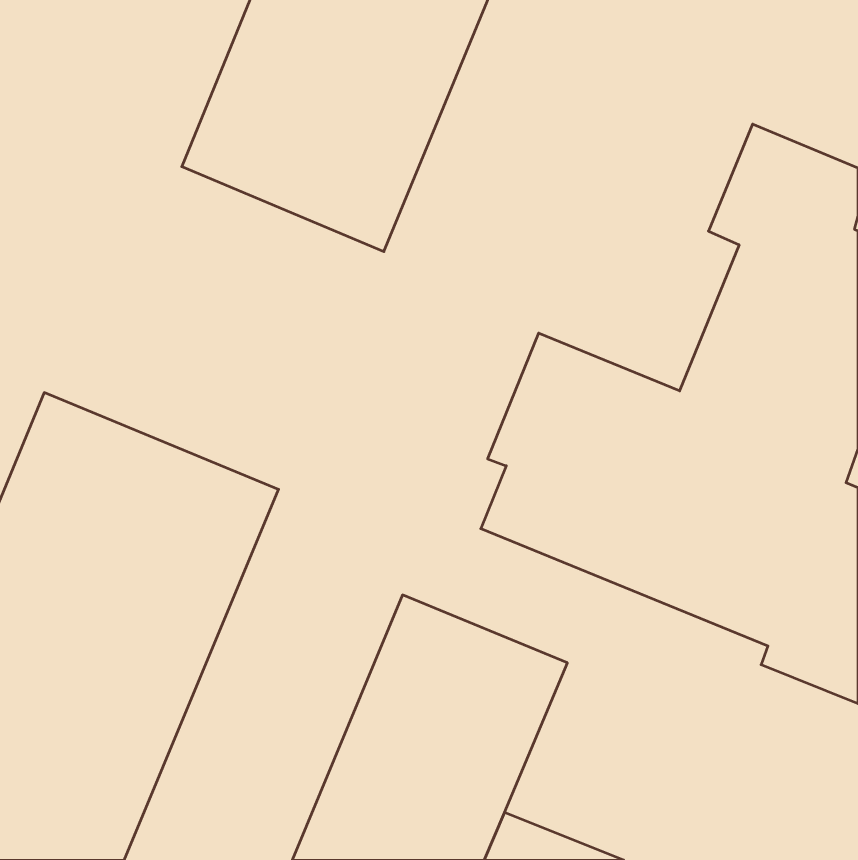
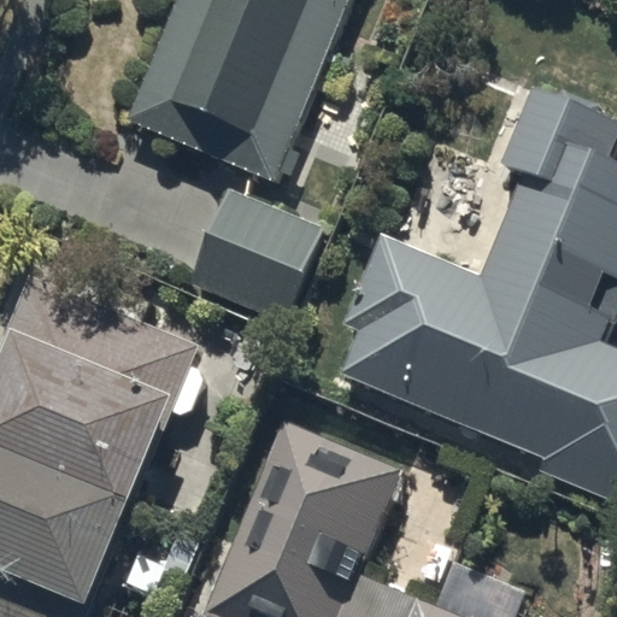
building: none -> [193,190,323,319]

